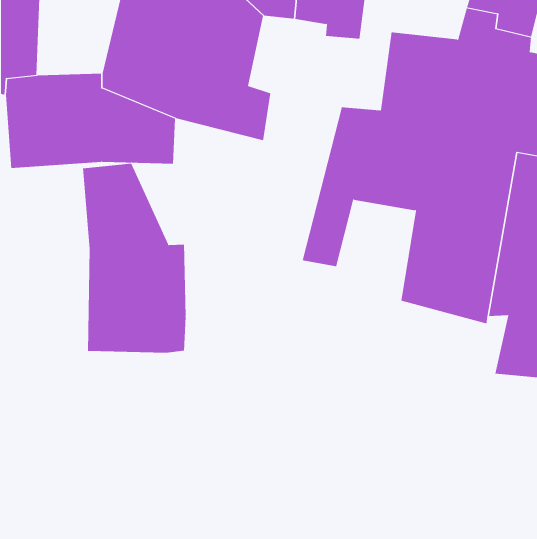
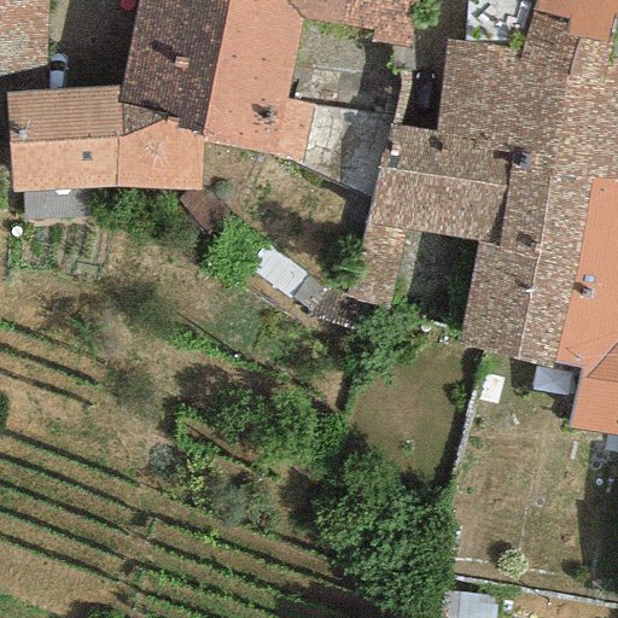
building: [83,163,186,353] -> none

